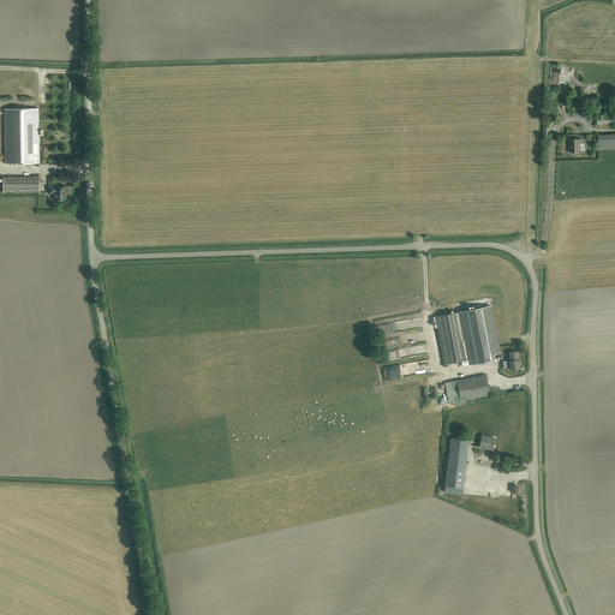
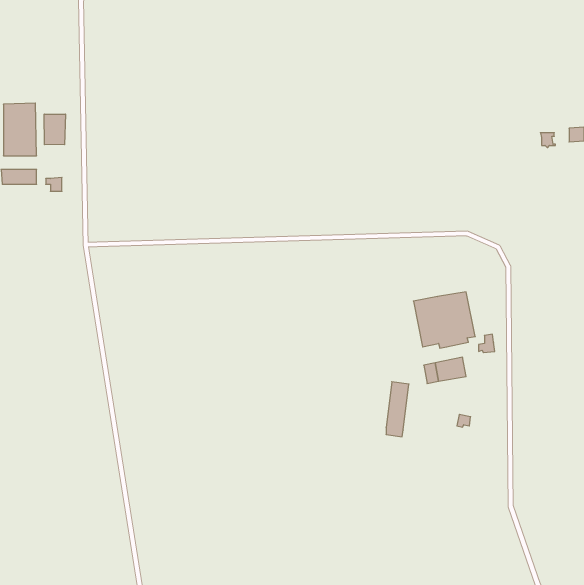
building: none -> [44,114,65,145]
building: [444,437,468,495] -> [386,382,409,437]

